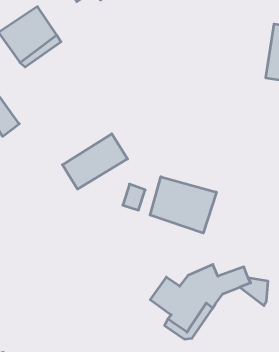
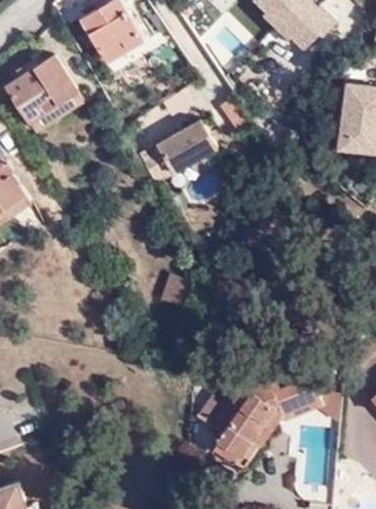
building: [62,134,128,189] -> [140,117,220,185]
building: [150,177,216,233] -> none

